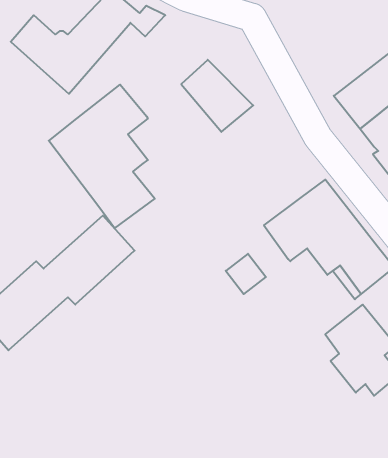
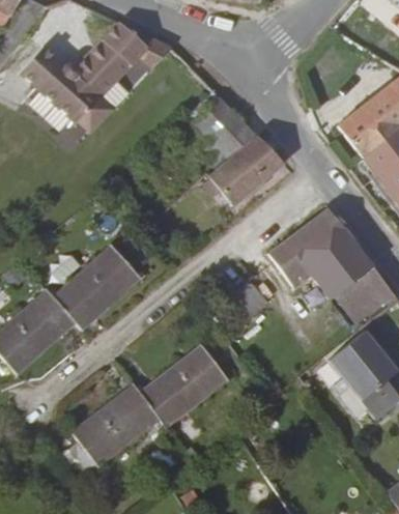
building: [49,85,155,228] -> none
building: none -> [200,135,284,206]
building: none -> [70,342,230,466]

